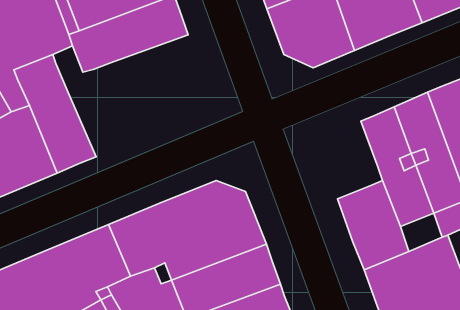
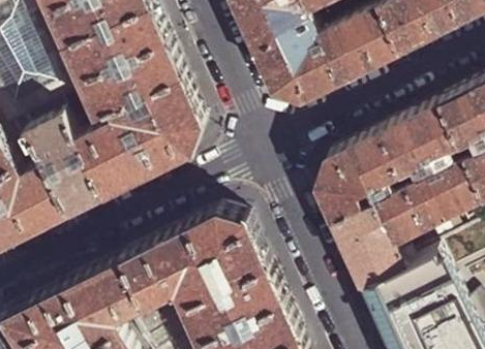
building: none -> [56,82,202,200]
building: none -> [313,151,364,224]

